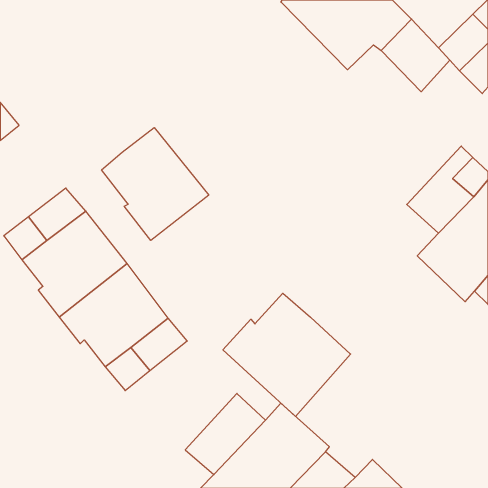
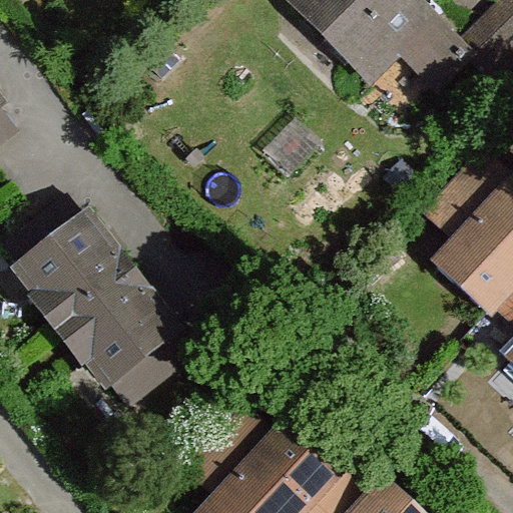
building: [102,128,209,240] -> none
building: [223,293,351,416] -> none

